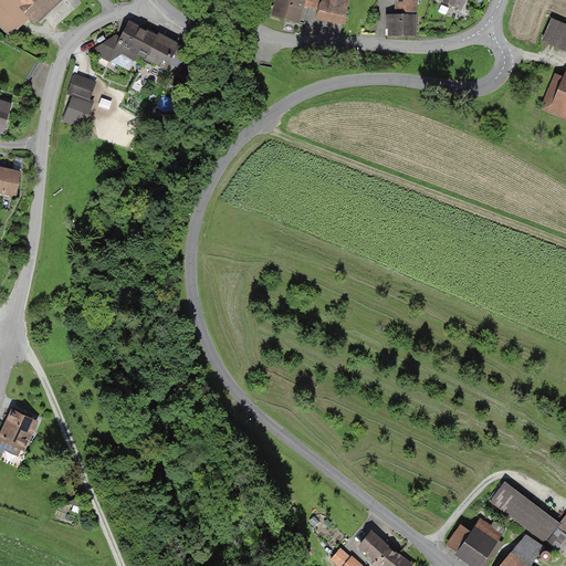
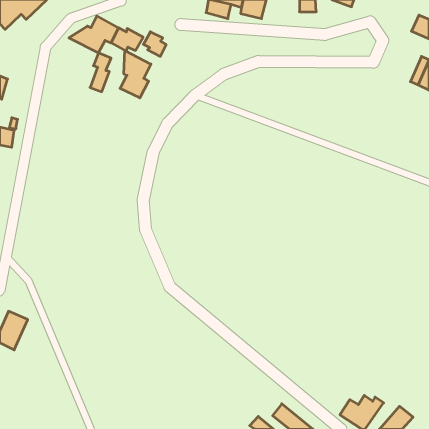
building: [386,15,416,35] -> none
building: none -> [143,32,166,56]
building: none -> [120,51,151,98]
building: [65,75,93,126] -> [90,53,111,92]
building: [490,481,558,542] -> none

